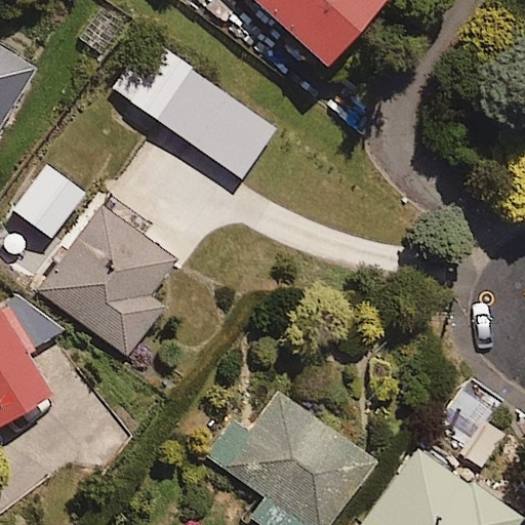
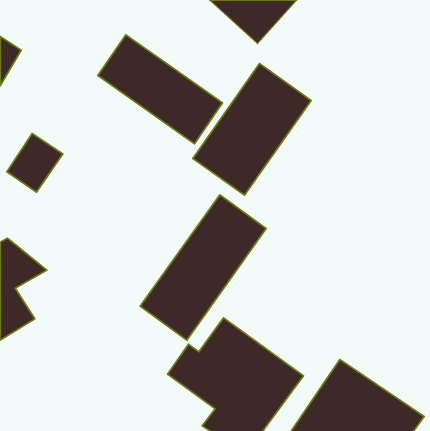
building: none -> [193,64,311,195]
building: [46,210,180,360] -> none
building: none -> [140,195,266,340]

